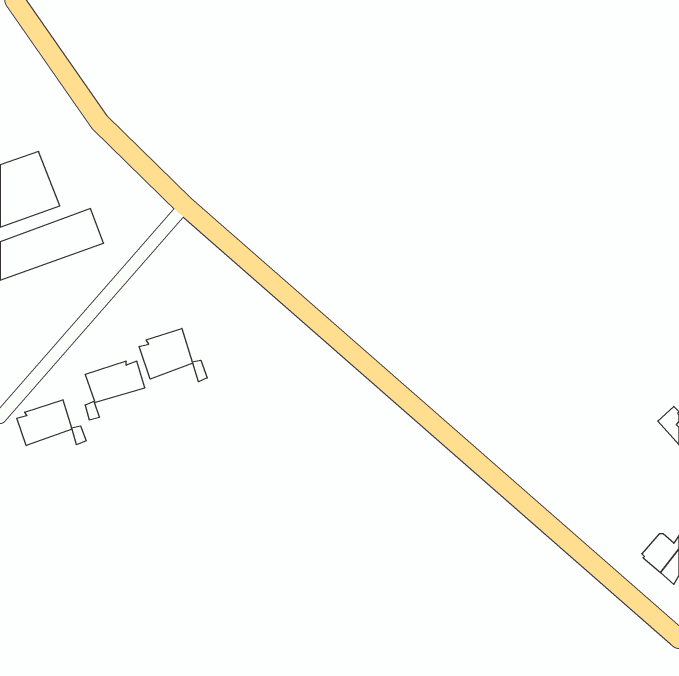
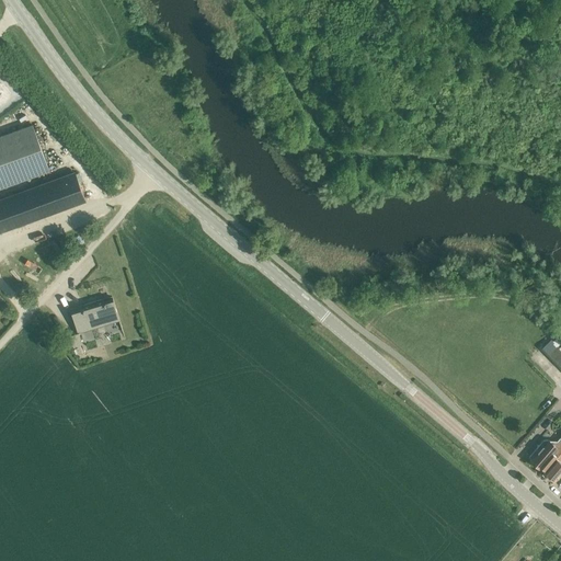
building: [139,328,207,382] -> none
building: [17,400,86,446] -> none

